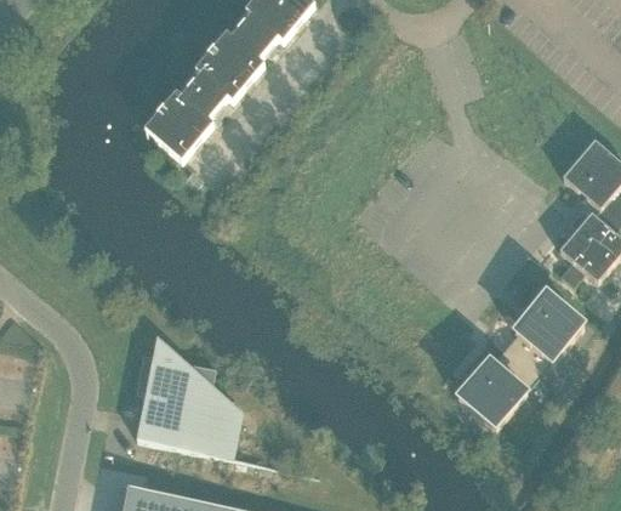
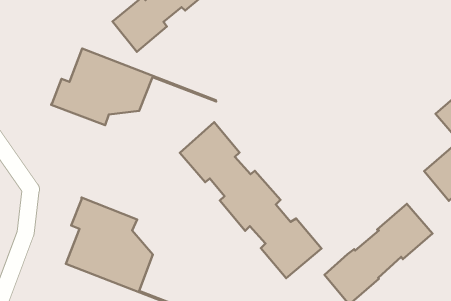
building: none -> [51,49,216,125]
building: none -> [180,122,321,278]

